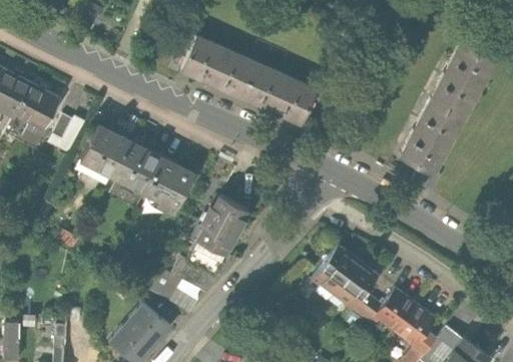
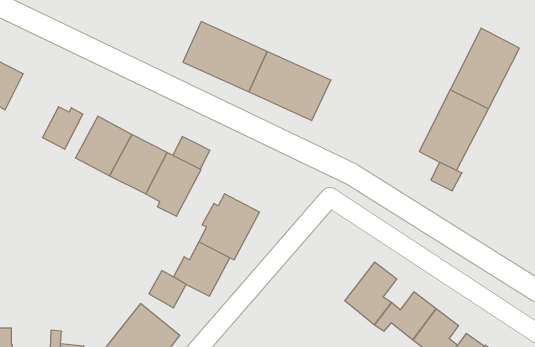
building: [12,82,60,148] -> none
building: none -> [173,136,210,169]
building: [312,245,360,296] -> none

